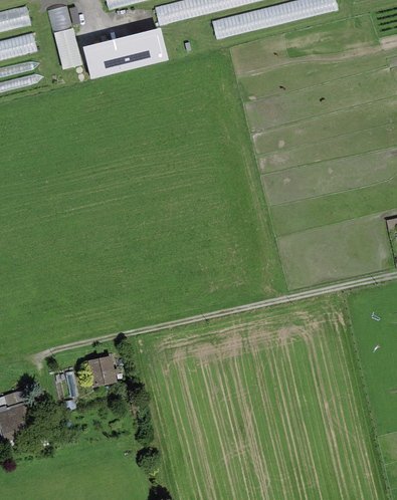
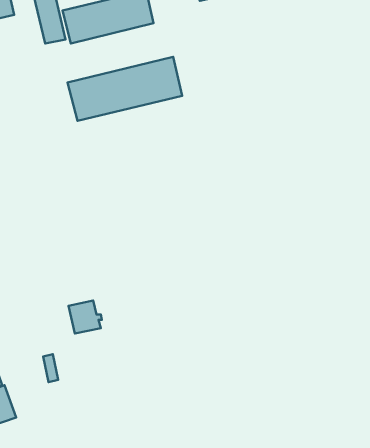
building: none -> [67,57,182,121]
building: [86,353,118,385] -> [69,300,102,334]

